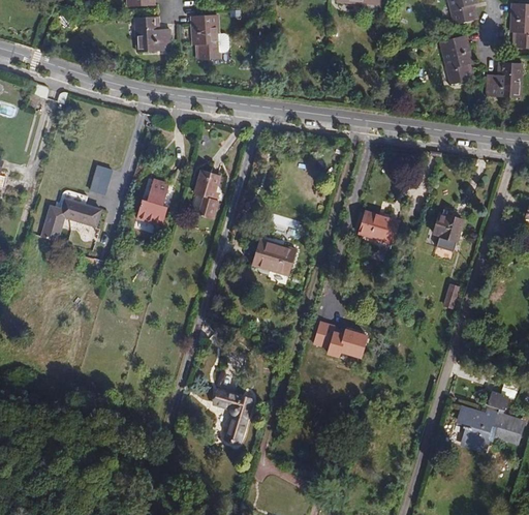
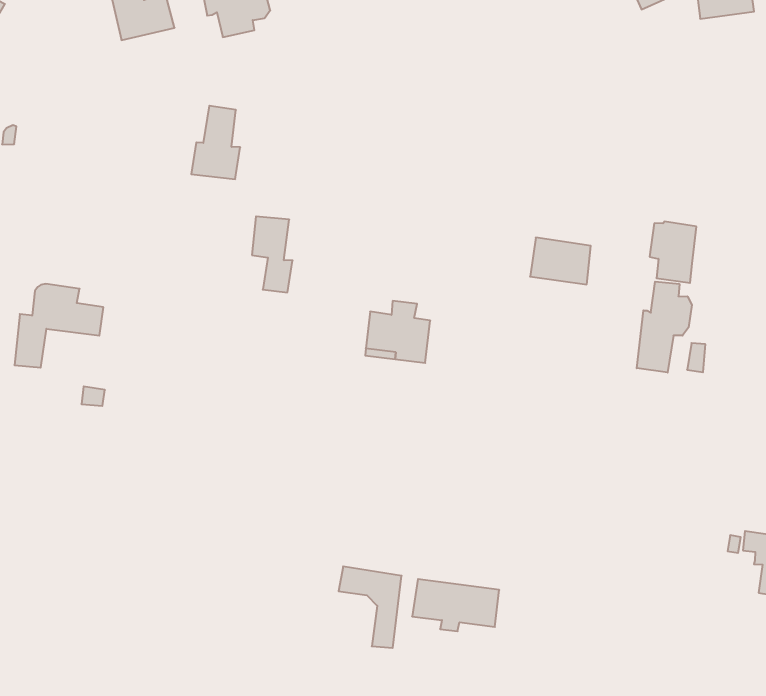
building: [90,165,113,195] -> none
building: [135,179,168,225] -> [191,106,240,179]
building: none -> [637,282,692,373]
building: [312,322,367,358] -> [412,579,499,631]

